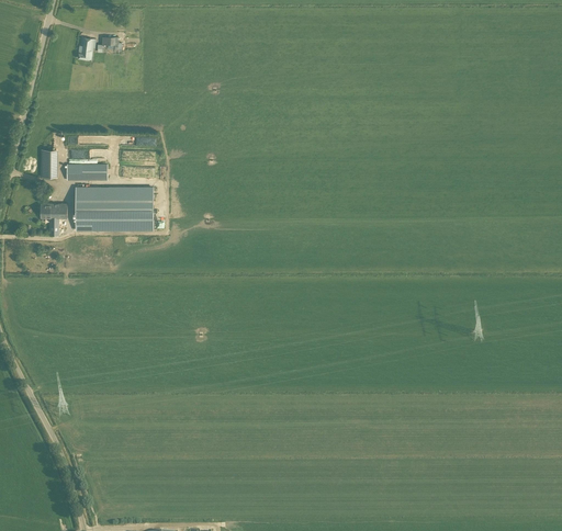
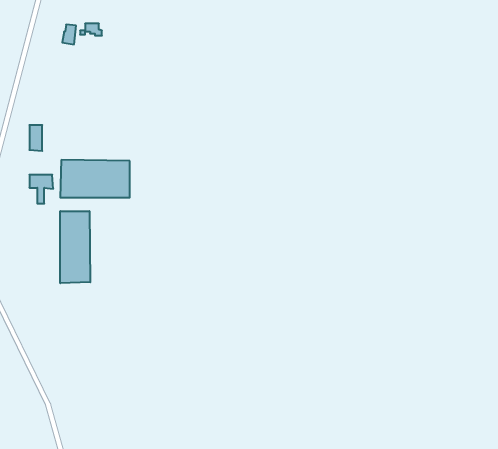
building: [66,163,106,180] -> none
building: none -> [60,211,90,283]

